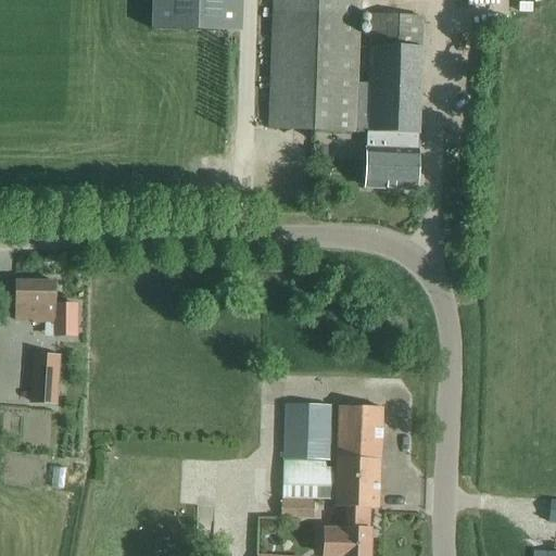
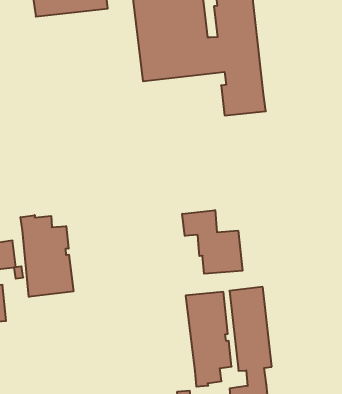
building: none -> [21,215,73,297]
building: none -> [182,210,242,274]

